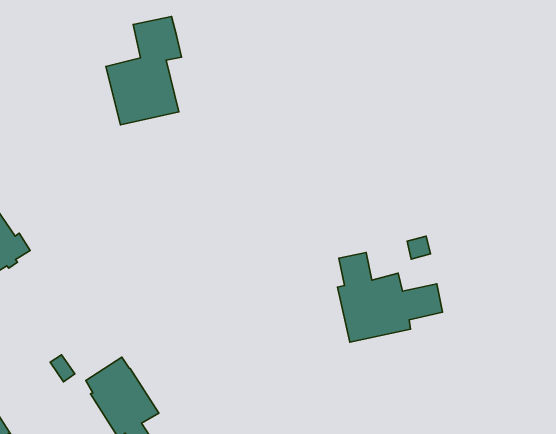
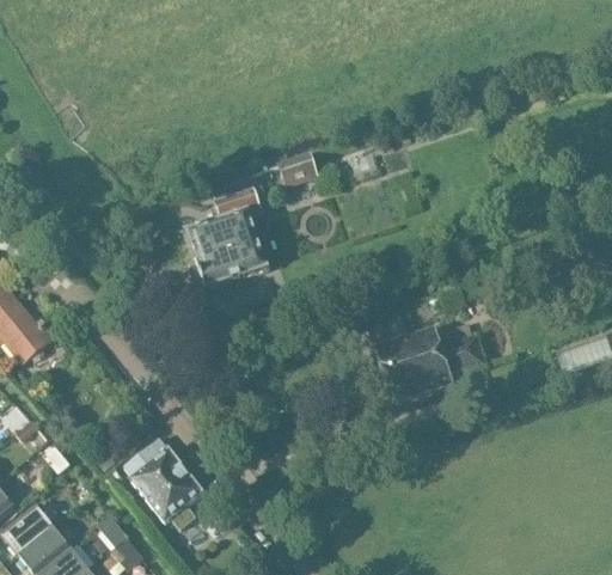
building: [106,16,182,125] -> [186,173,265,289]
building: none -> [277,151,318,185]

